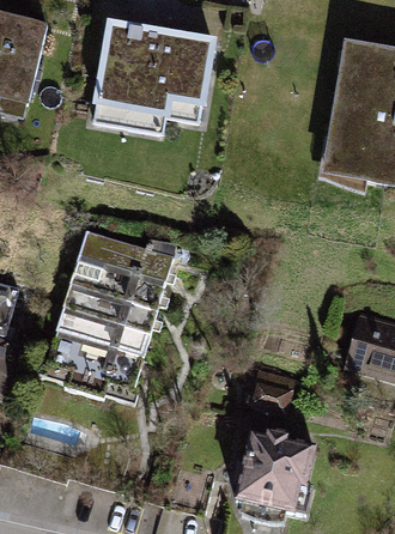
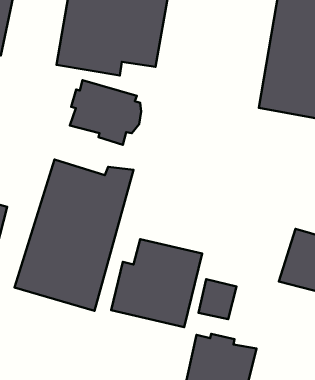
building: none -> [70,80,141,145]
building: none -> [111,239,202,327]

